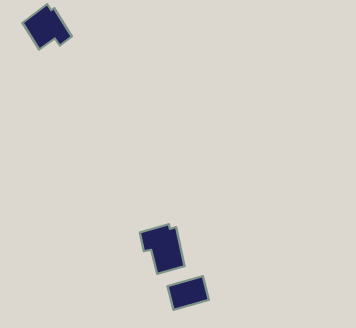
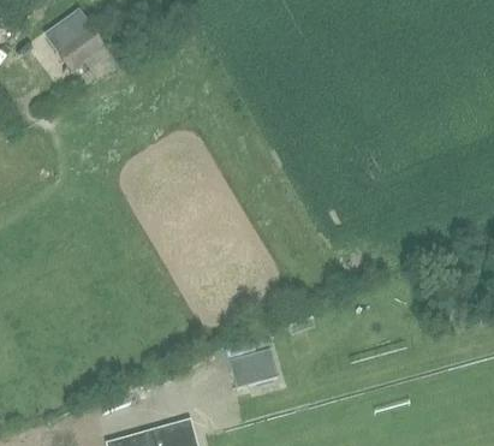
building: [140,224,184,274] -> none

